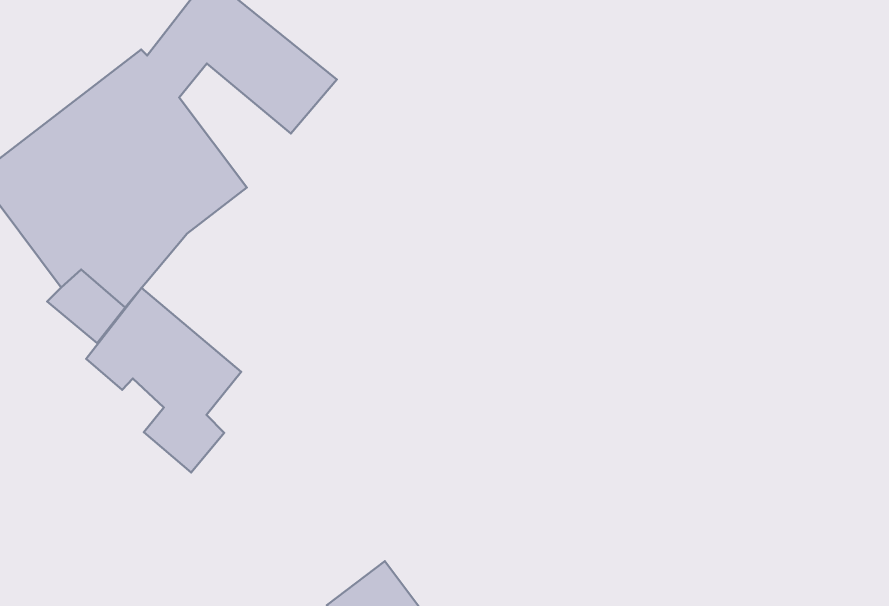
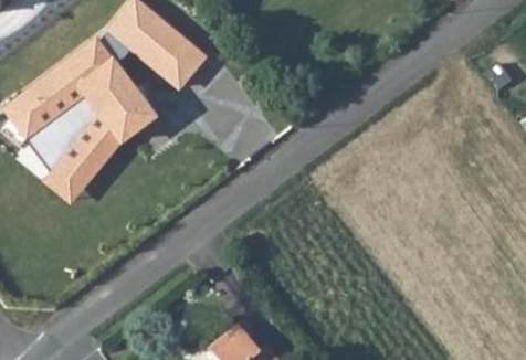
building: [86,288,241,472] -> none

